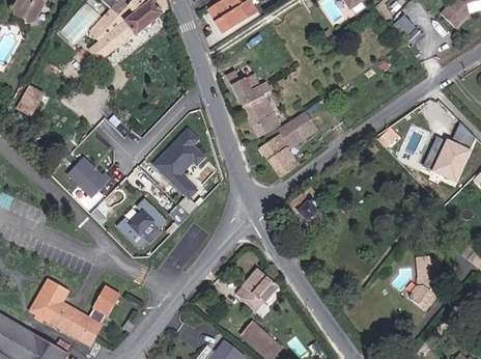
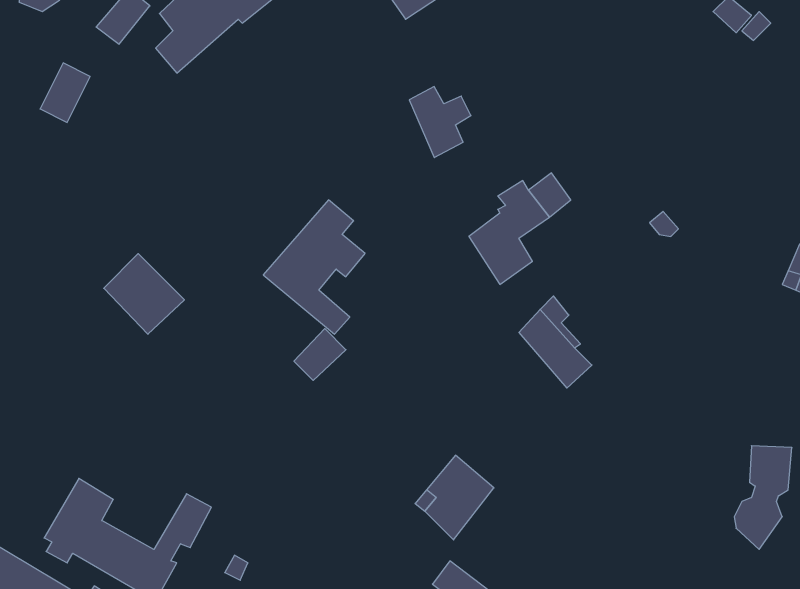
building: [243,78,278,131] -> none
building: [13,85,40,117] -> [40,63,90,122]
building: [115,198,163,246] -> none

